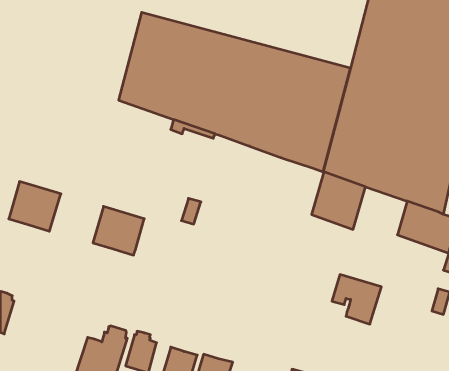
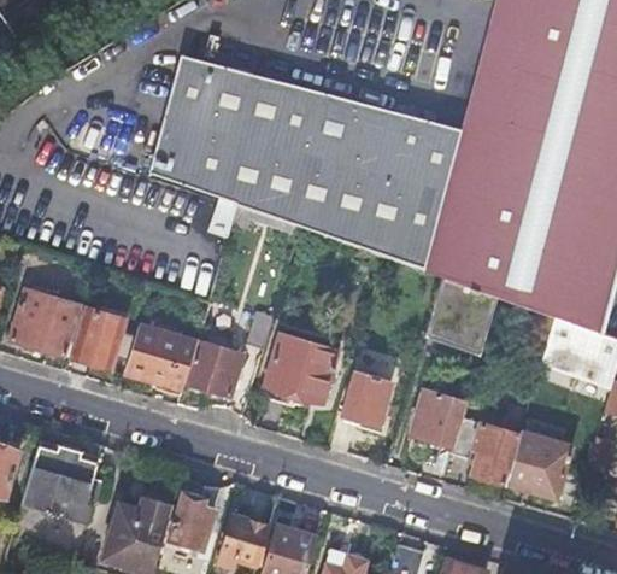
building: none -> [72,308,127,369]
building: none -> [263,334,339,406]
building: none -> [184,340,245,396]
building: none -> [343,370,390,424]
building: none -> [410,390,463,445]
building: none -> [504,428,572,499]
building: none -> [22,443,98,522]

